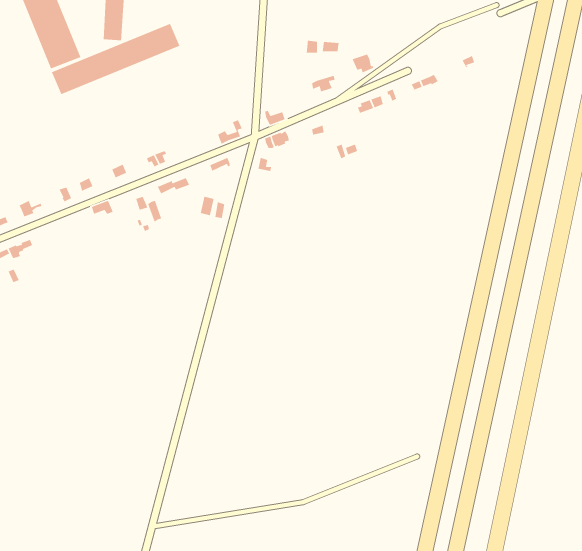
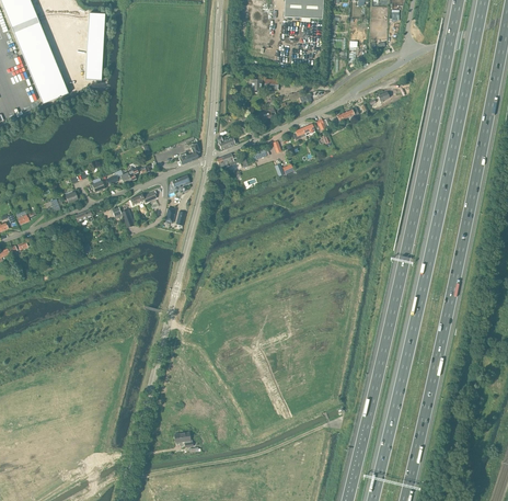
building: [51,23,180,95] -> none

